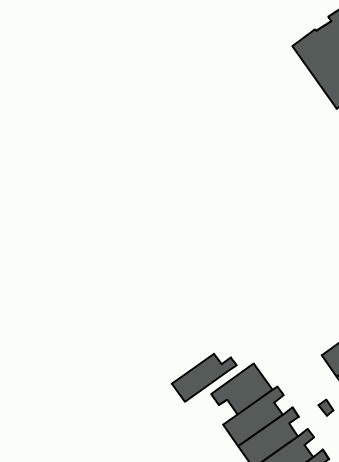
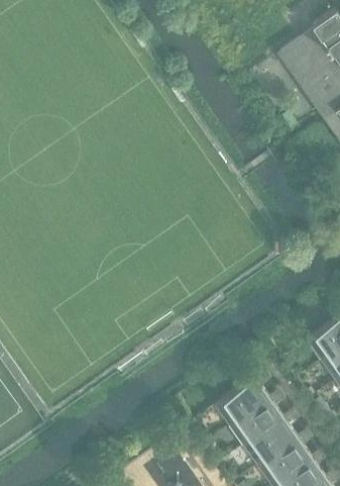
building: [172,354,237,402] -> none
building: [211,364,273,415] -> none

